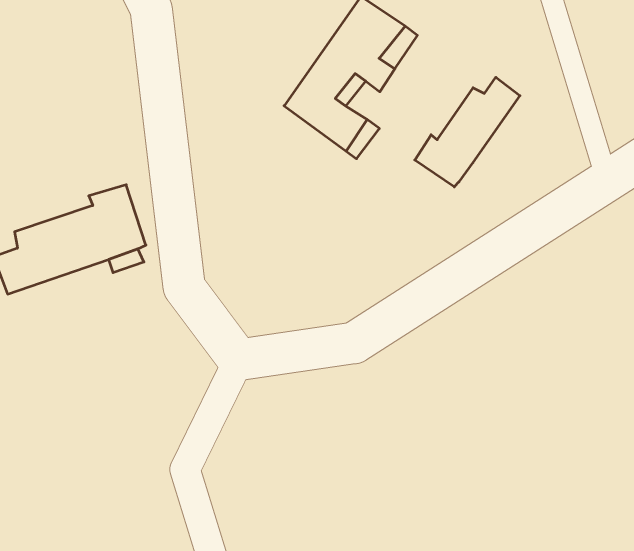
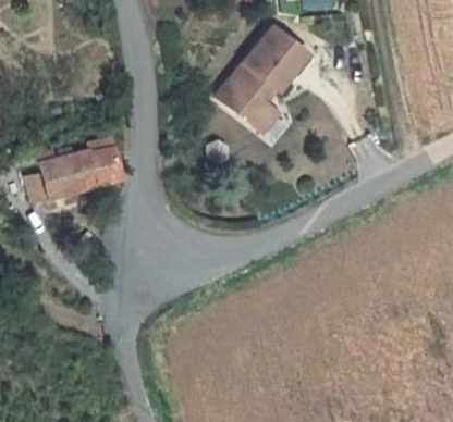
building: [415,77,520,187] -> none

